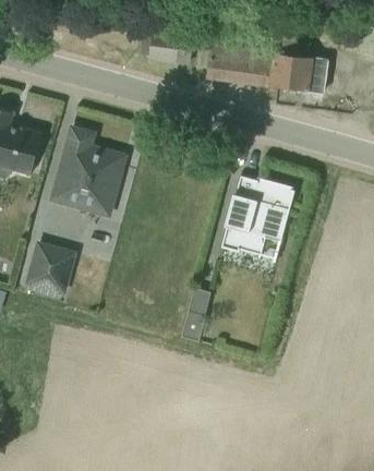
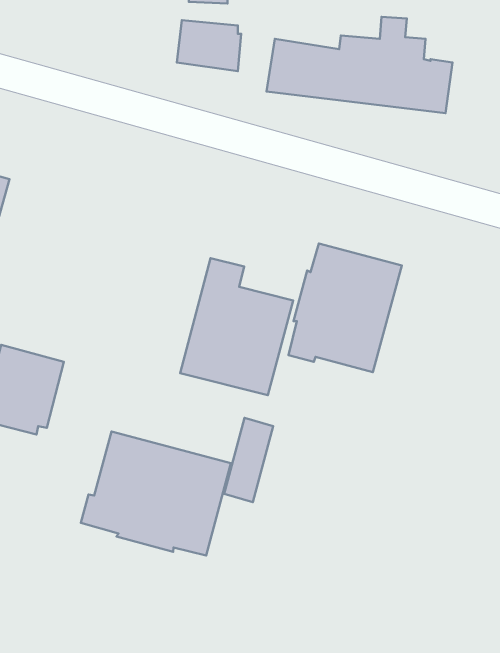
building: [51,129,124,217] -> [180,258,293,395]
building: none -> [81,432,231,555]

